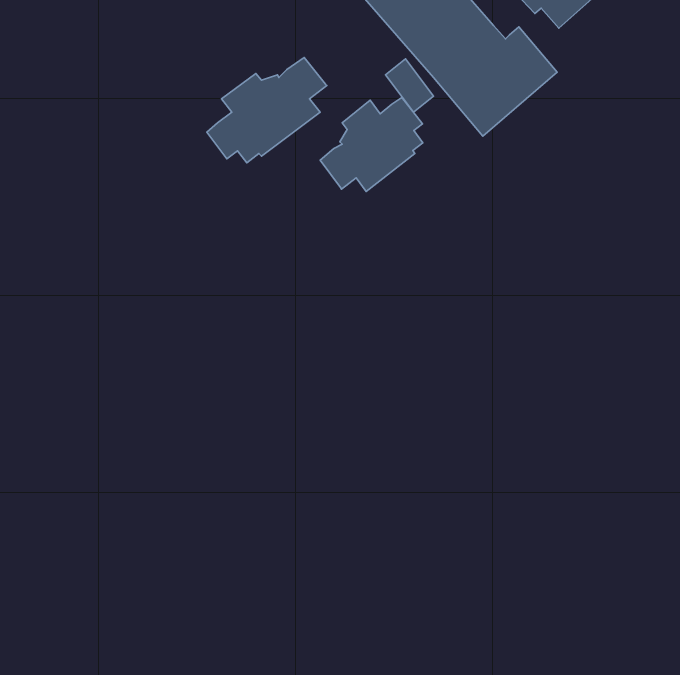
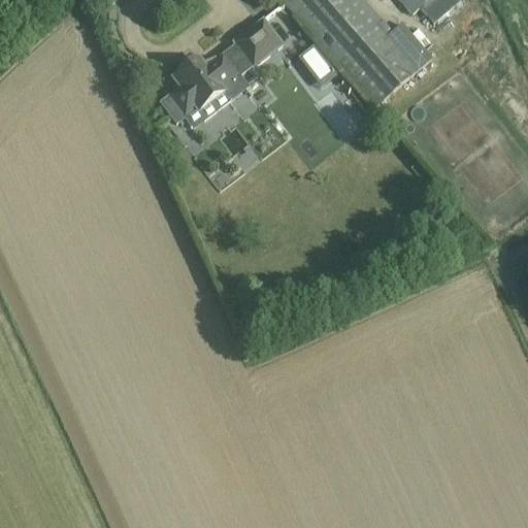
building: none -> [234,19,283,66]
building: [320,98,423,192] -> none

